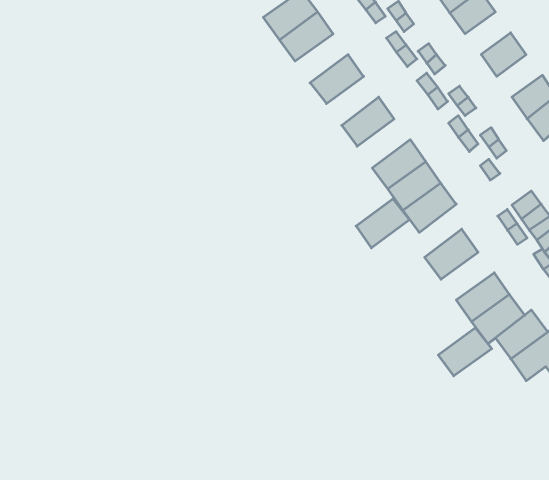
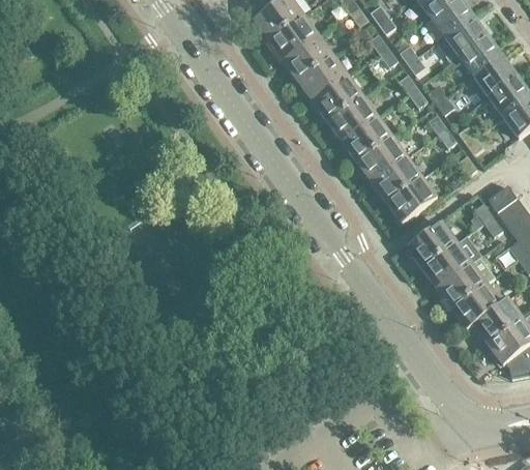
building: none -> [444,16,488,56]
building: none -> [283,36,333,83]
building: none -> [474,56,518,96]
building: none -> [313,77,362,123]
building: [356,199,409,248] -> [342,117,392,164]
building: [438,328,492,376] -> [421,243,472,289]

